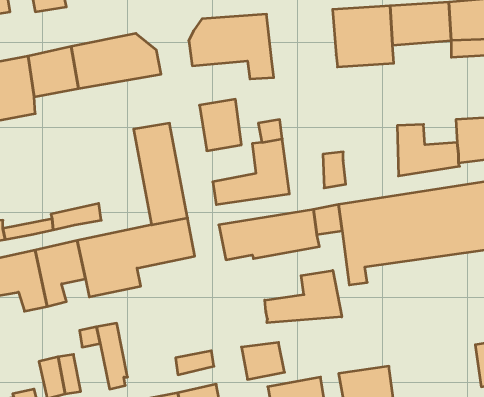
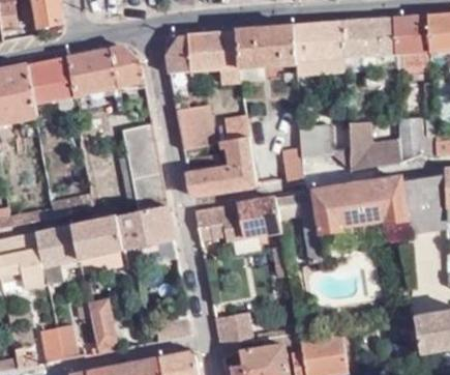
building: none -> [235,25,295,67]
building: none -> [300,126,331,155]
building: [265,270,342,323] -> none

